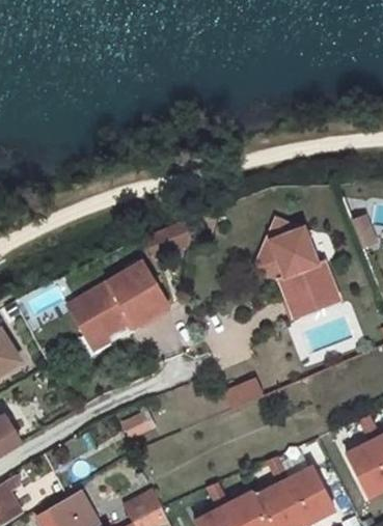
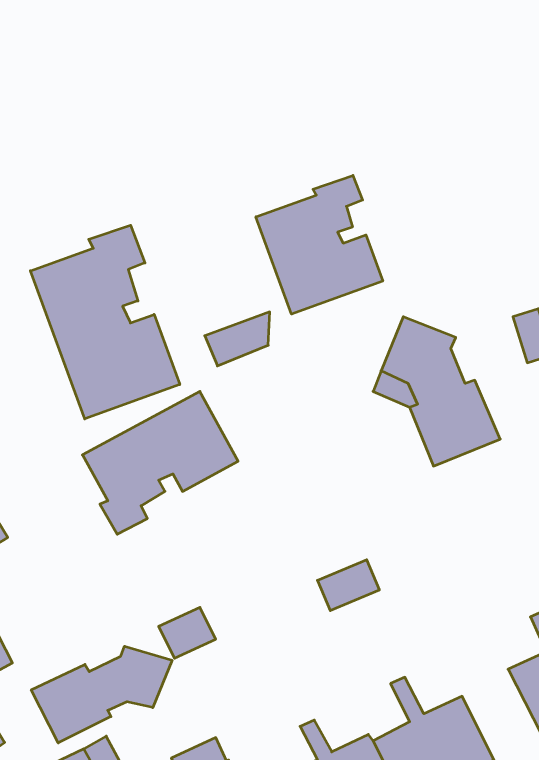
building: none -> [256,175,383,314]
building: none -> [30,225,180,419]
building: none -> [31,646,172,743]

